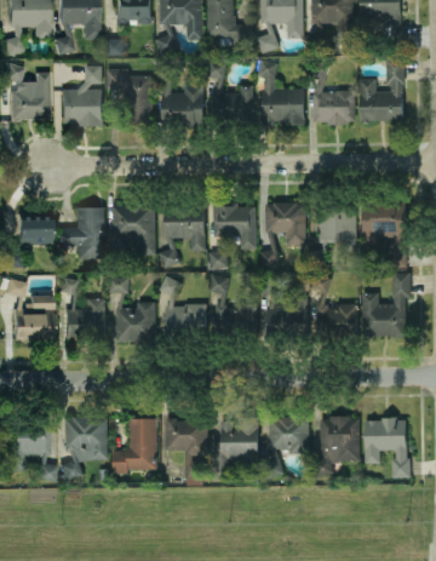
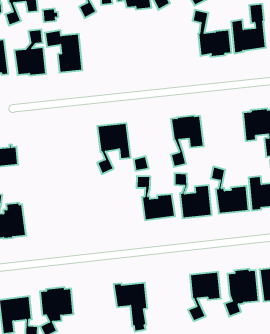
building: [257,58,304,125] -> none
building: [207,59,252,119] -> none
building: [156,62,203,126] -> none
building: [212,202,256,248] -> none
building: [309,202,356,267] -> none
building: [110,204,155,269] -> none
building: [59,206,104,259] -> none
building: [157,273,206,333] -> none
building: [59,276,104,339] -> none
building: [108,276,154,342] -> none
building: [211,417,258,479] -> none
building: [111,418,156,473] -> none

